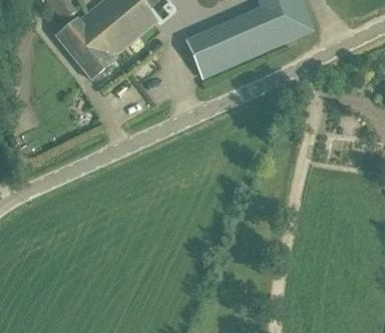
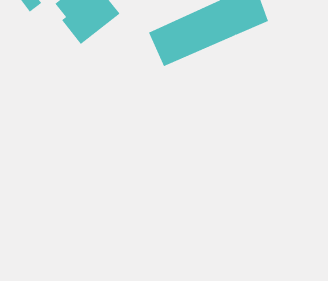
building: [55,11,115,78] -> none

